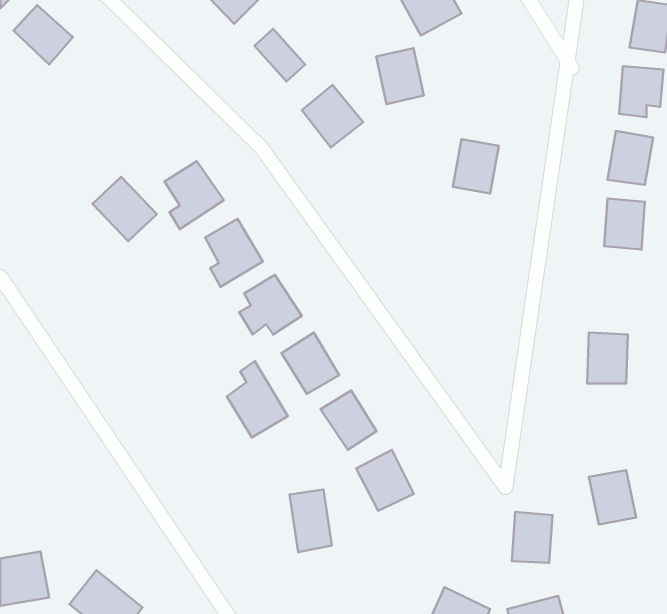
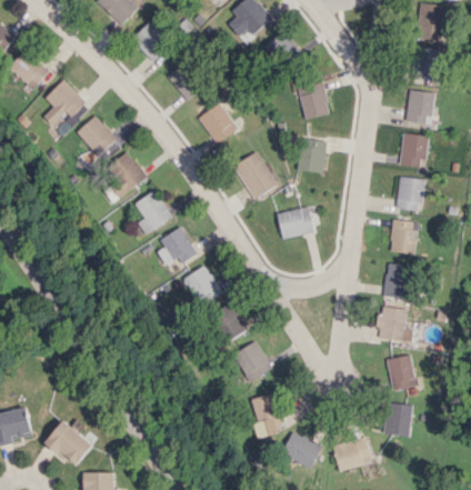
building: [376,48,424,104] -> [298,82,329,119]
building: none -> [43,80,90,129]
building: none -> [233,151,277,199]
building: [92,177,157,241] -> [76,114,118,157]
building: none -> [277,207,314,239]
building: none -> [390,220,417,253]
building: [227,361,288,437] -> none
building: none -> [378,307,412,341]
building: [290,489,332,552] -> [253,394,281,436]
building: [512,512,552,563] -> [384,402,411,436]

